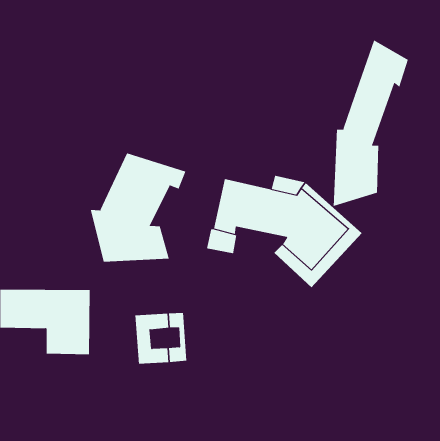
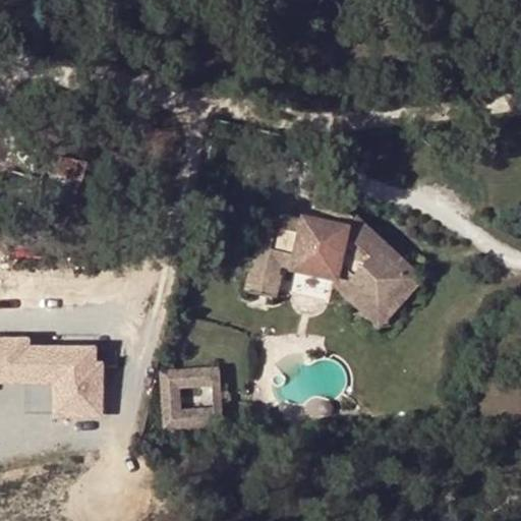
building: [333,39,409,207] -> none
building: [90,152,186,262] -> none

